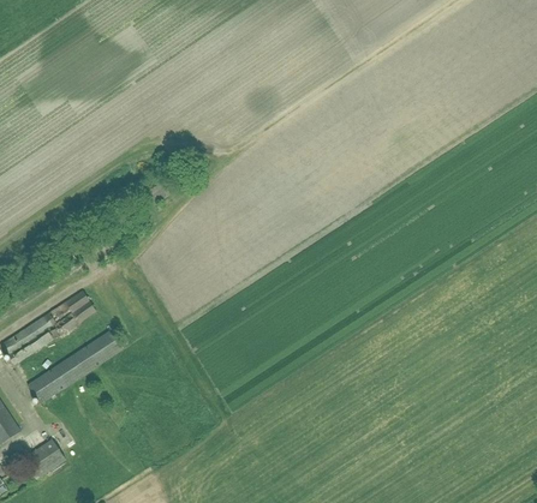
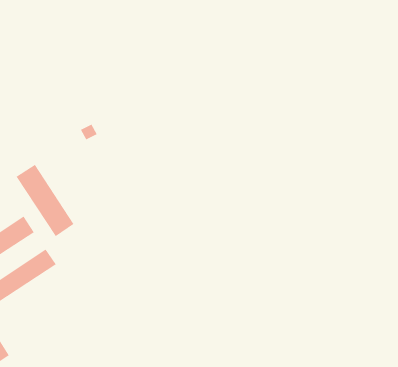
building: none -> [15,164,75,237]

